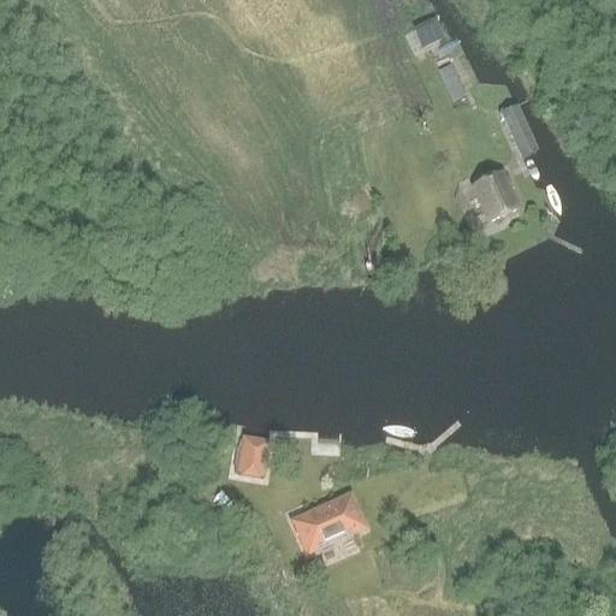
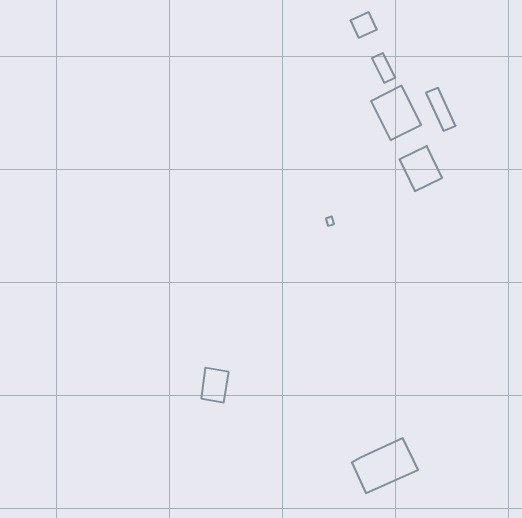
building: none -> [371,86,421,140]
building: [290,490,368,555] -> [352,438,418,493]

